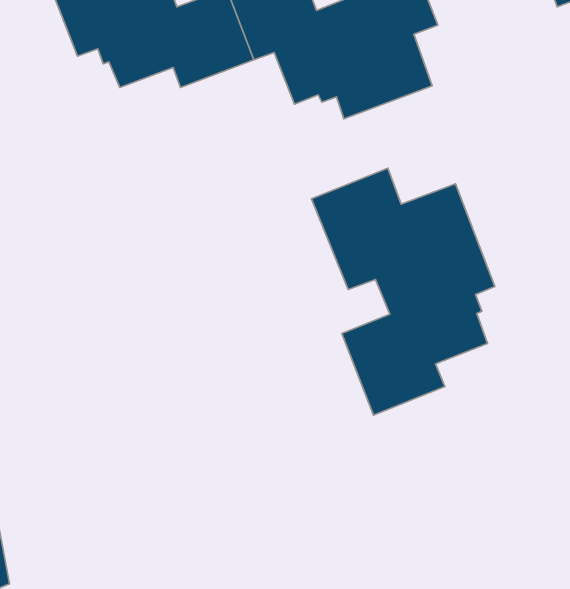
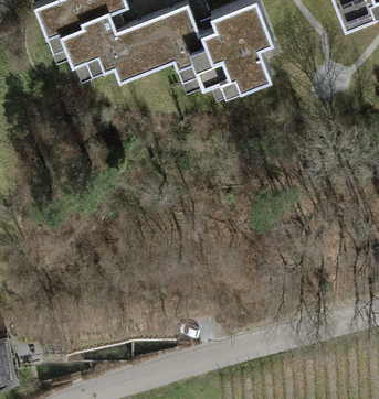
building: [311,168,495,415] -> none

